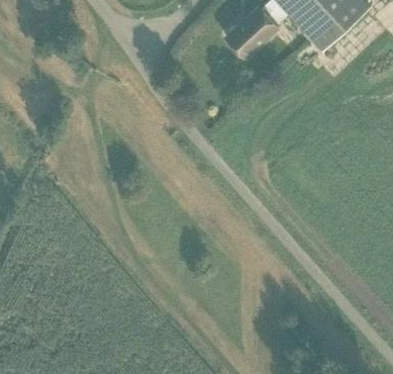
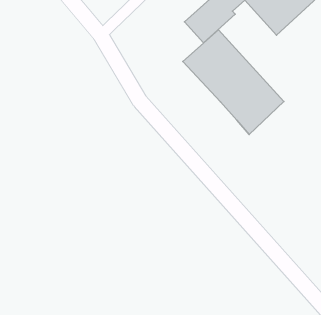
building: none -> [183,30,284,134]

